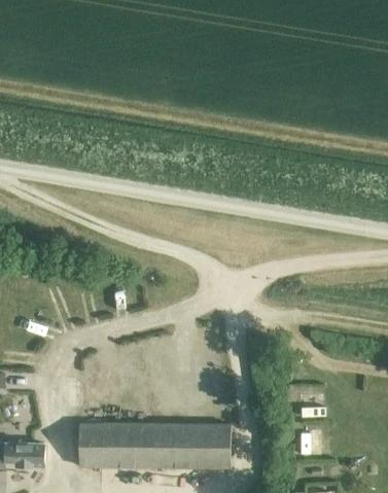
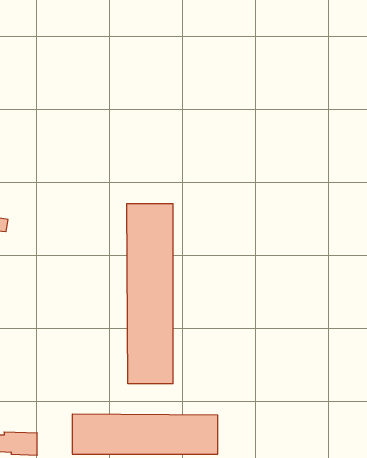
building: none -> [127,204,173,384]

